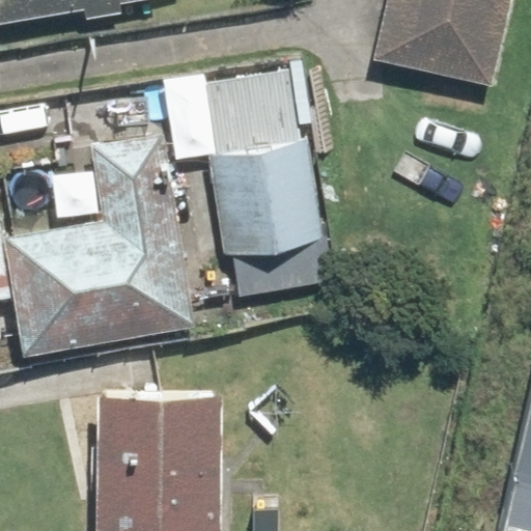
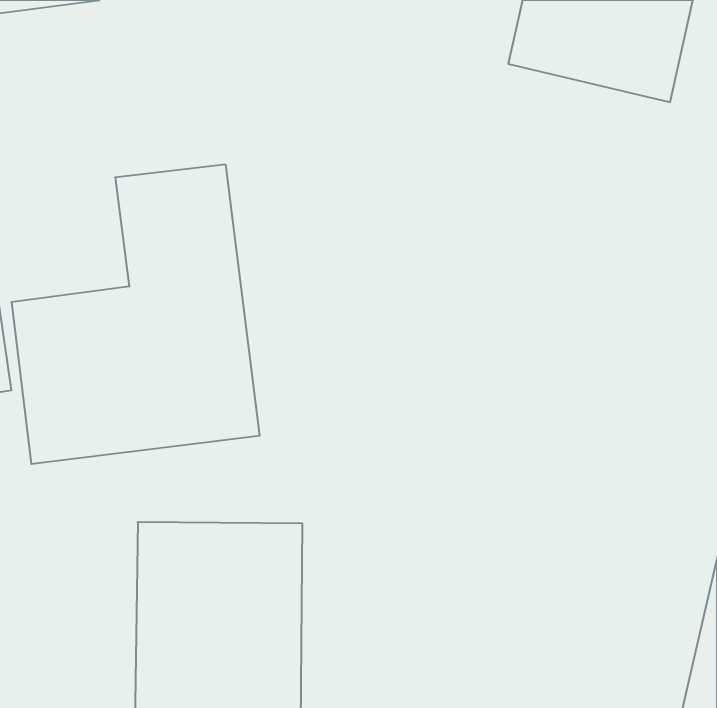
building: [206,75,316,253] -> none

